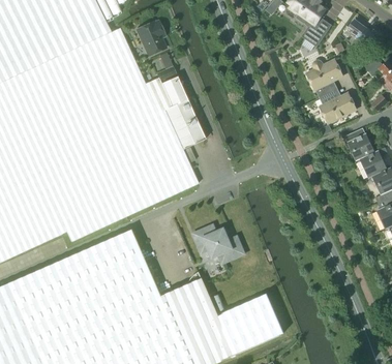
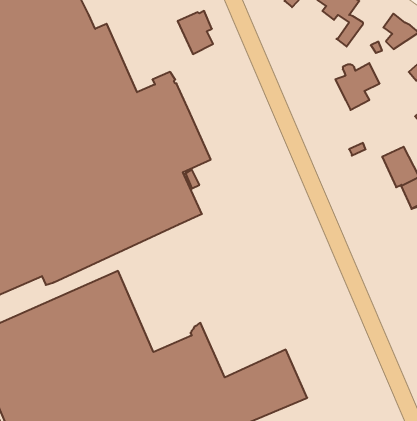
building: [137,21,165,56] -> [178,11,213,54]
building: [319,90,356,123] -> none
building: [192,225,244,264] -> none

